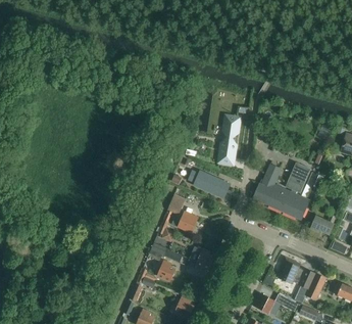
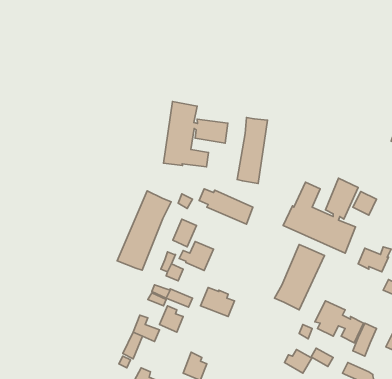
building: none -> [163,101,228,167]
building: none -> [117,191,171,270]
building: none -> [274,245,324,310]

